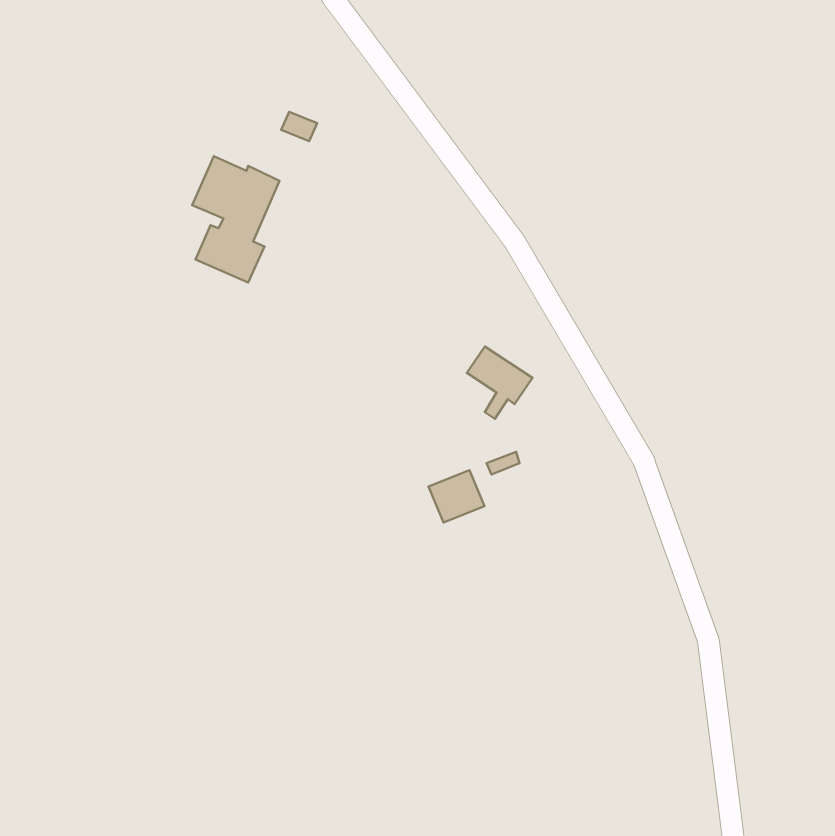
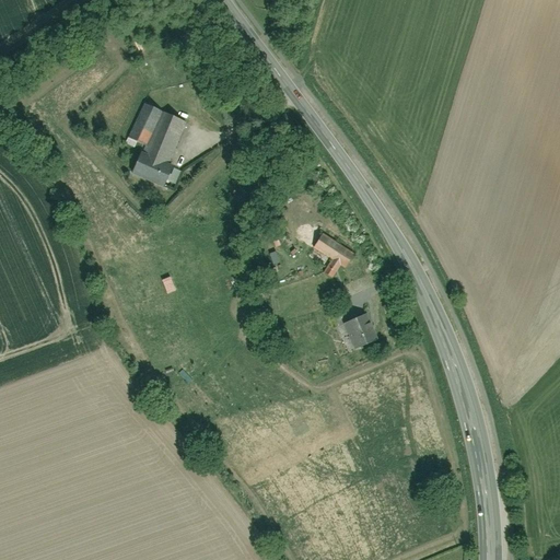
building: [429,470,484,523] -> [342,314,380,349]

